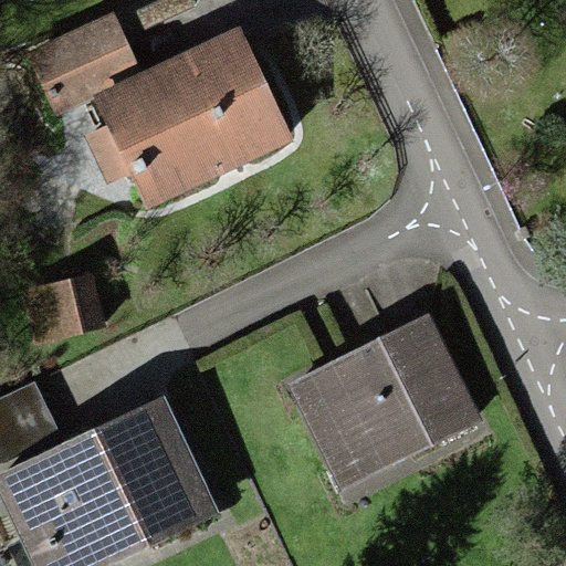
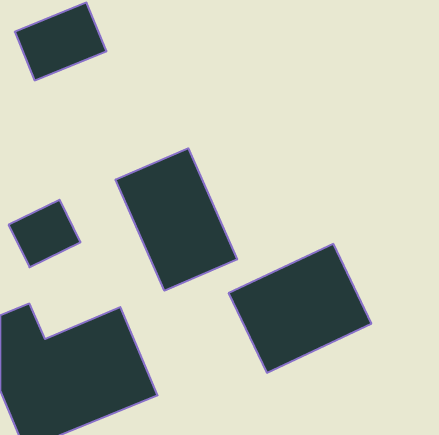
building: [97,40,292,206] -> none
building: none -> [116,148,237,291]

